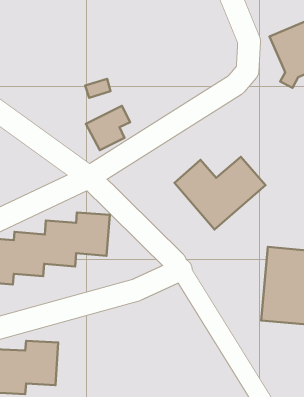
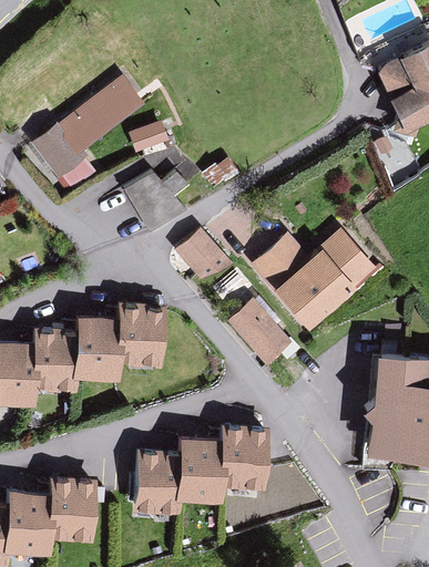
building: none -> [33,80,141,189]
building: none -> [177,231,233,289]
building: none -> [229,301,288,363]
building: none -> [135,429,266,511]

